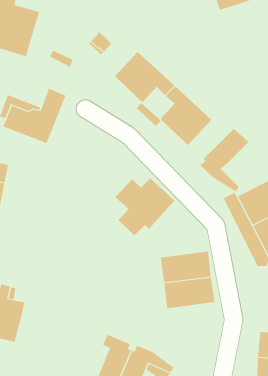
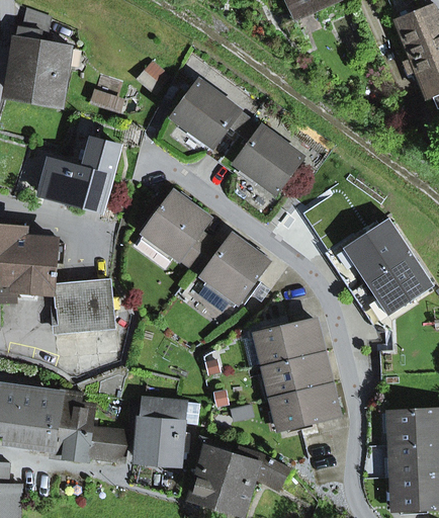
building: [200,128,249,192] -> none
building: none -> [137,193,210,266]
building: none -> [55,279,115,333]
building: none -> [138,399,185,462]
building: none -> [271,382,339,429]
building: none -> [89,427,129,456]

